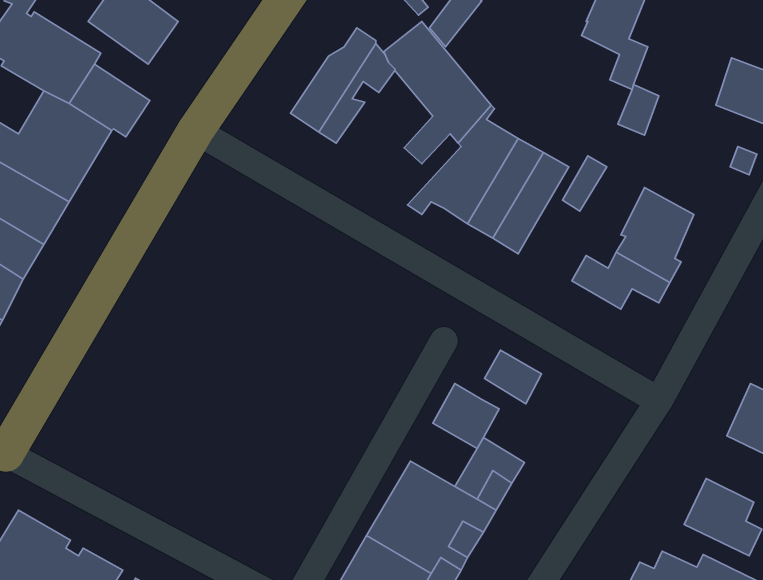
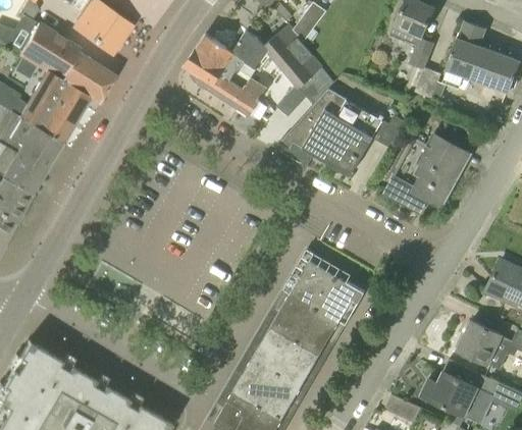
building: none -> [445,19,487,79]
building: none -> [185,33,227,85]
building: none -> [232,77,267,115]
building: [485,350,542,404] -> [327,275,364,310]
building: none -> [280,284,323,325]

